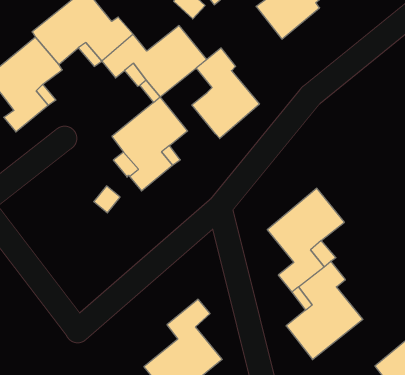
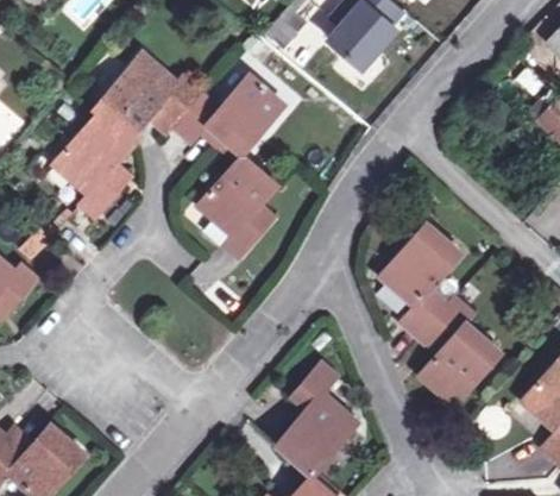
building: [192,48,259,139] -> none

